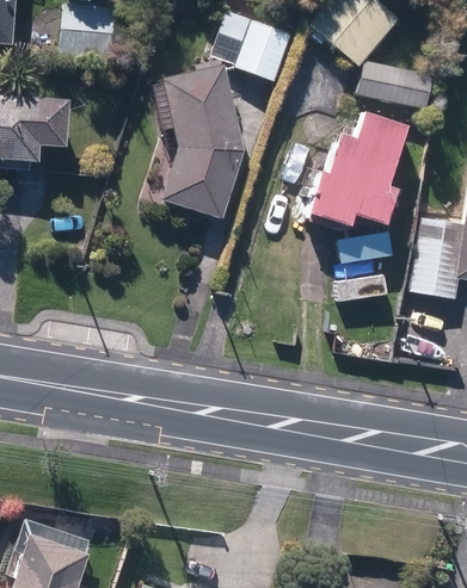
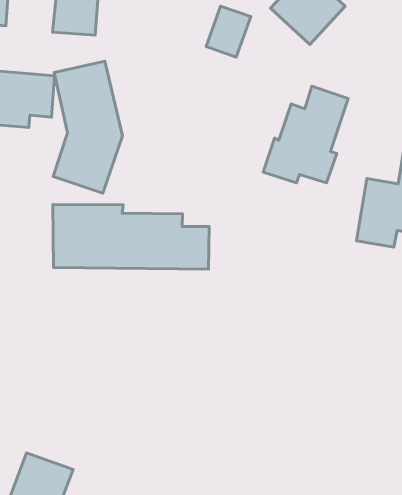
building: [360,63,431,109] -> none
building: [164,66,244,217] -> [53,61,123,193]
building: none -> [53,205,209,269]

